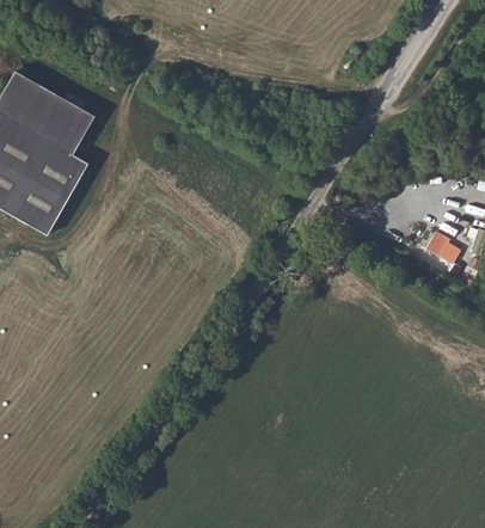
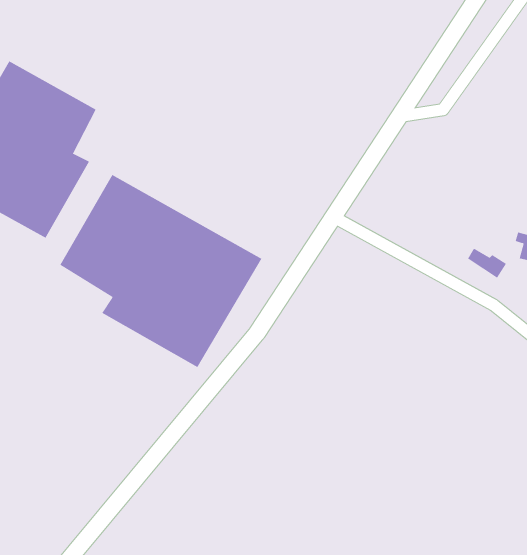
building: none -> [60,174,262,368]

